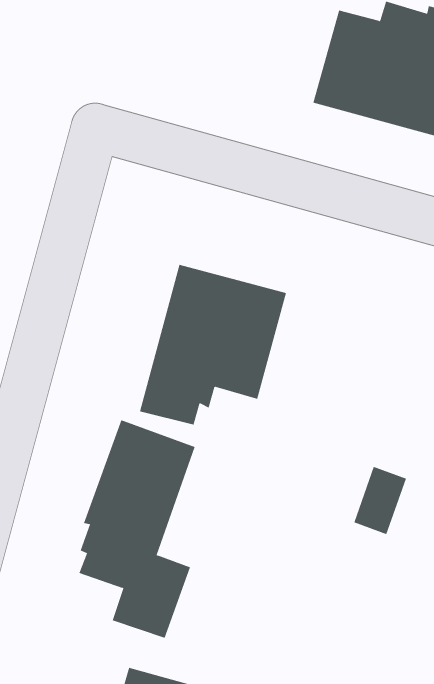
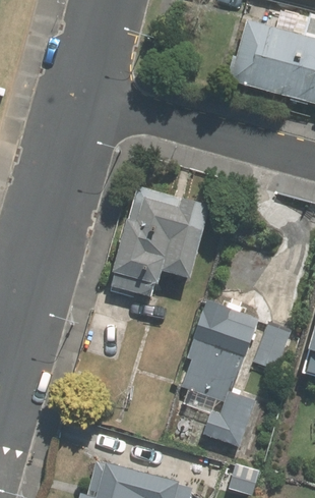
building: [78,420,195,639] -> [181,300,259,447]

